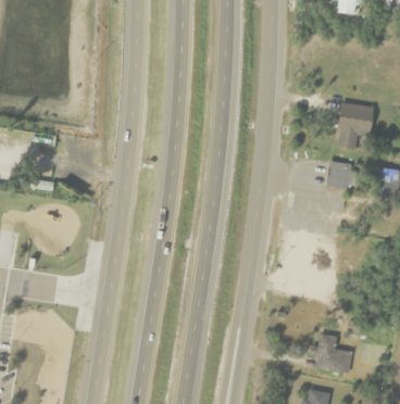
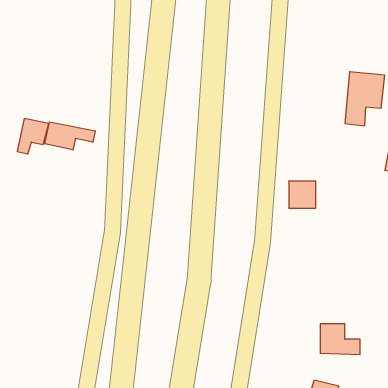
building: none -> [45,122,95,150]
building: [326,163,351,188] -> [289,181,316,208]

